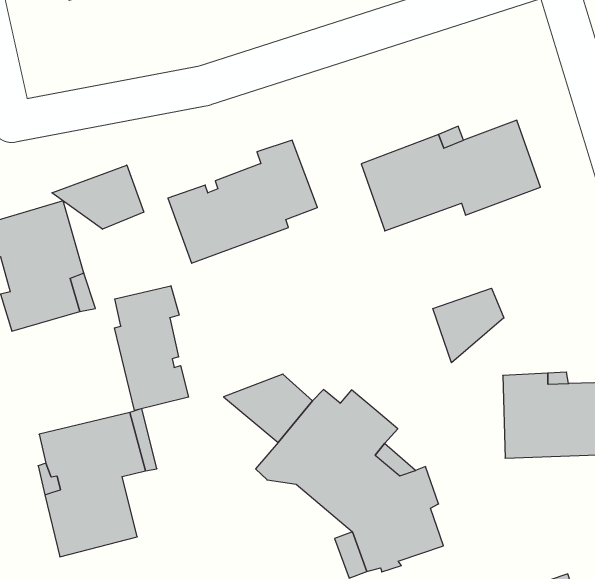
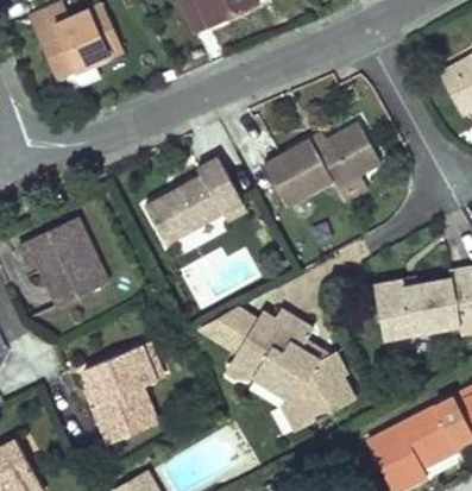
building: [52,165,144,229] -> none
building: [115,286,189,410] -> none
building: [433,288,504,363] -> none

